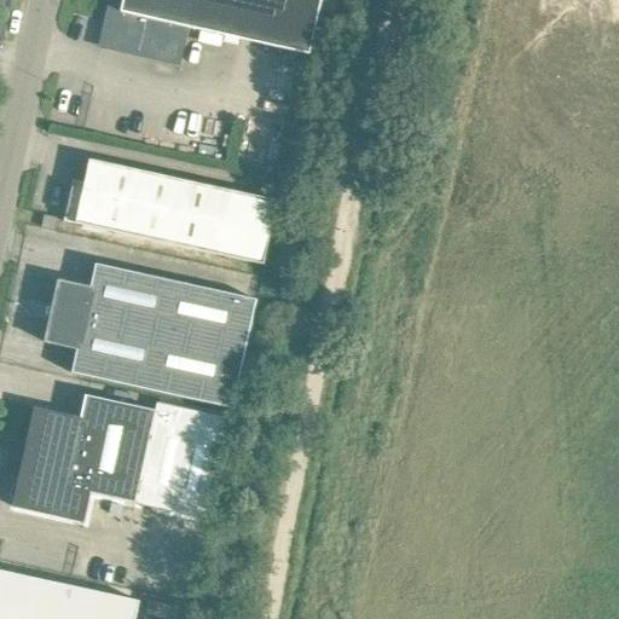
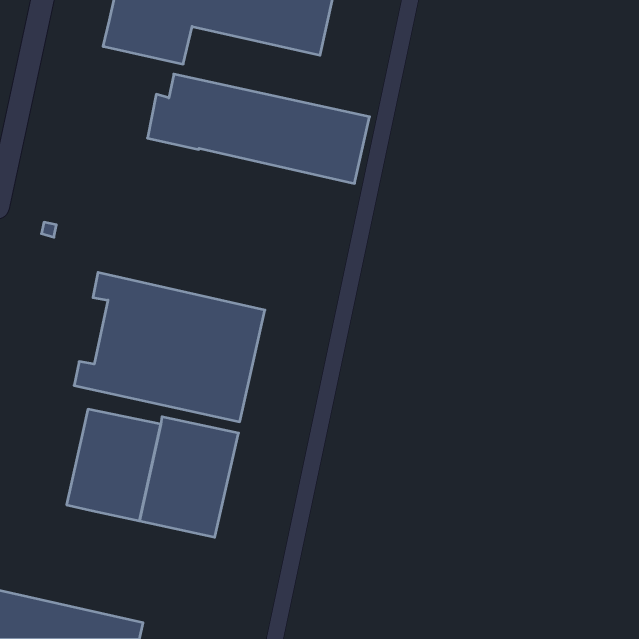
building: [63,158,277,264] -> [147,74,370,183]
building: [45,279,104,351] -> none
building: [8,406,89,521] -> none

